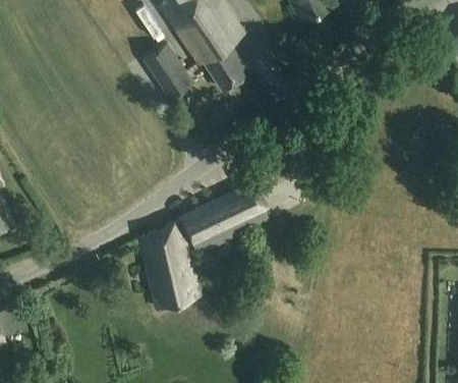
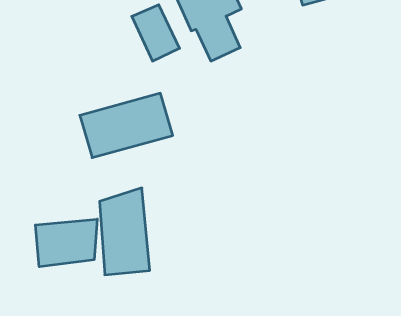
building: [178,183,269,255] -> [80,93,173,158]
building: none -> [35,219,97,267]

